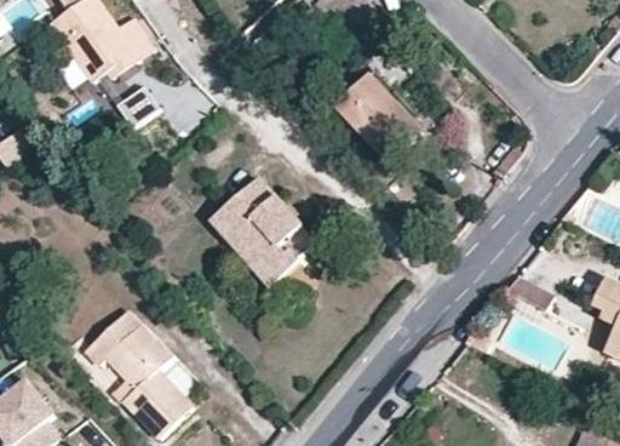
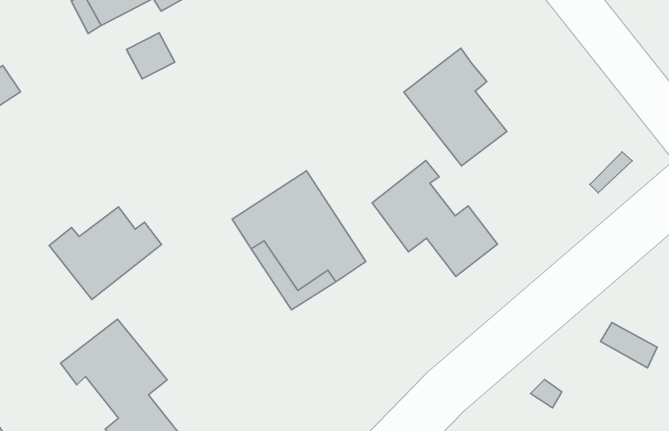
building: none -> [372,161,498,276]
building: none -> [49,207,162,300]

